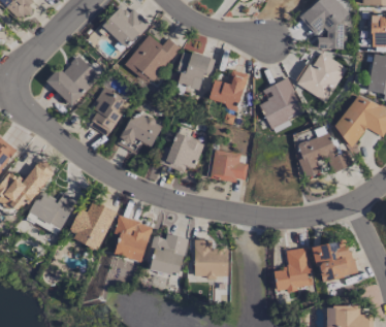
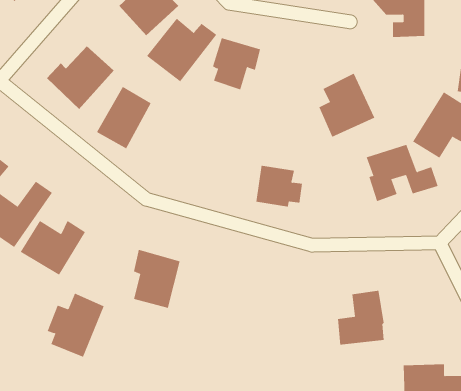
building: [294,53,347,102] -> none
building: [210,70,247,108] -> none
building: [118,110,163,154] -> none
building: [160,134,203,171] -> none
building: [71,200,117,251] -> [47,293,105,357]
building: [147,233,189,276] -> none
building: [194,239,228,277] -> none
building: [314,239,356,282] -> none

